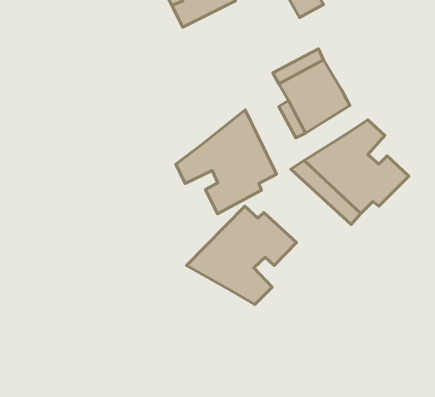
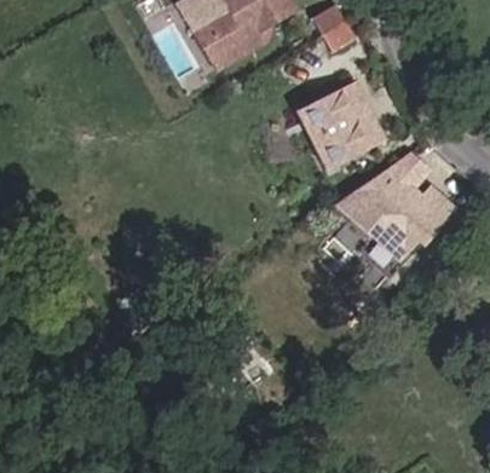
building: [176,110,277,214] -> none
building: [187,206,296,305] -> none

